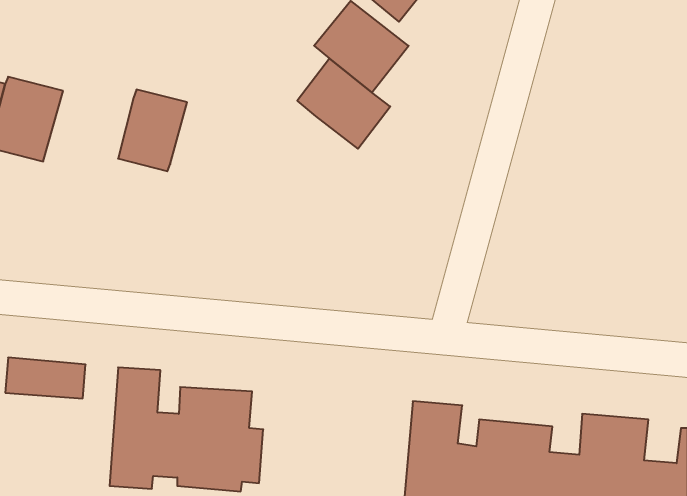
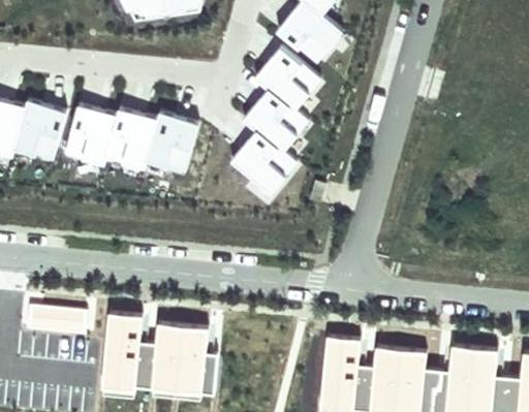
building: none -> [62,102,120,168]
building: none -> [147,112,200,173]
building: none -> [229,127,298,192]

